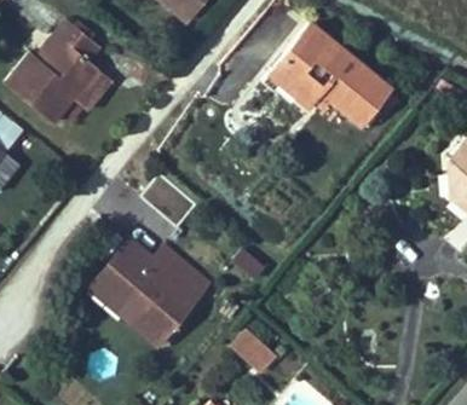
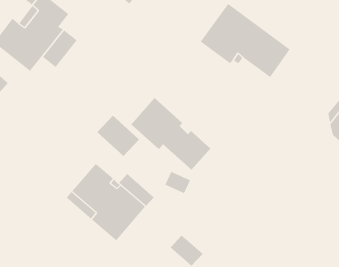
building: none -> [131,97,211,171]

